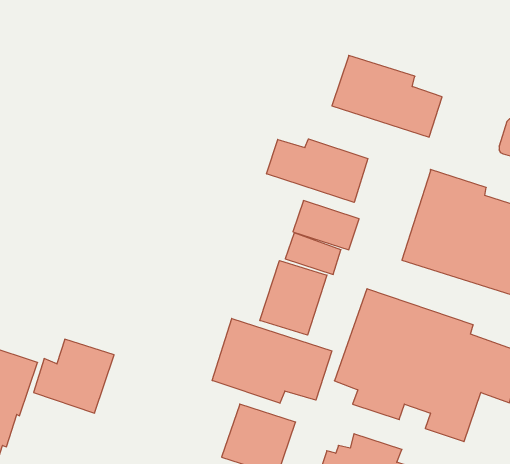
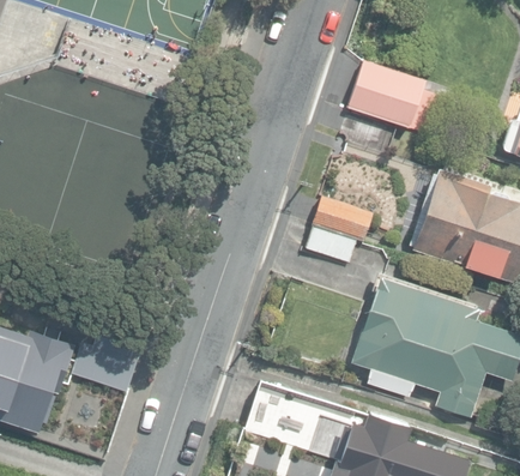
building: [267,139,368,202] -> none
building: [260,261,327,335] -> none
building: [212,318,332,403] -> none

